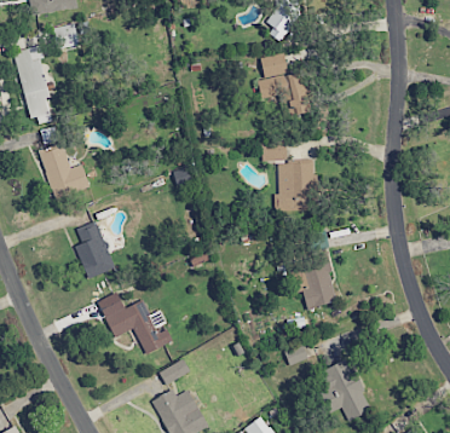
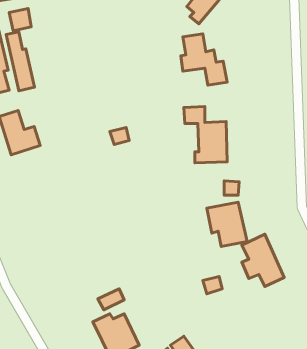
building: none -> [6,32,35,91]
building: [75,220,115,279] -> none
building: [105,301,173,353] -> none
building: [321,358,371,421] -> [242,234,284,286]

